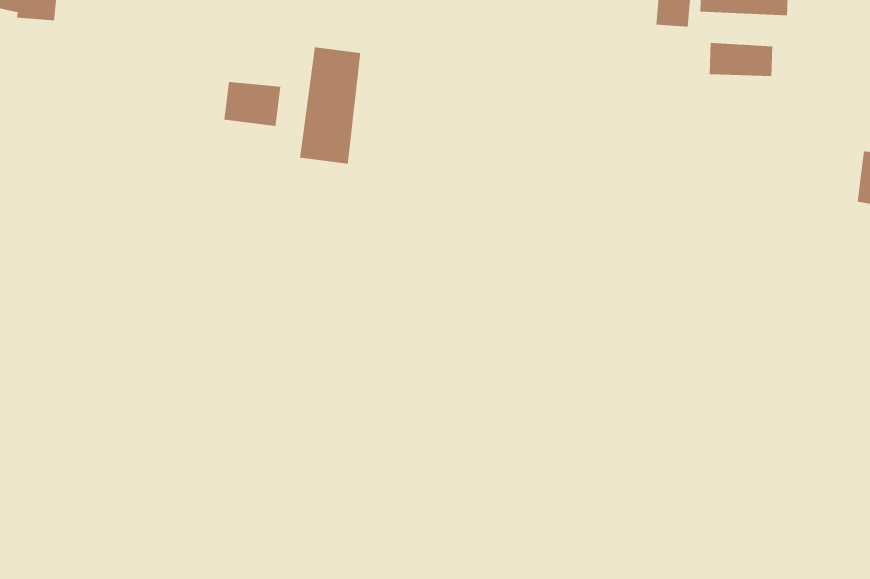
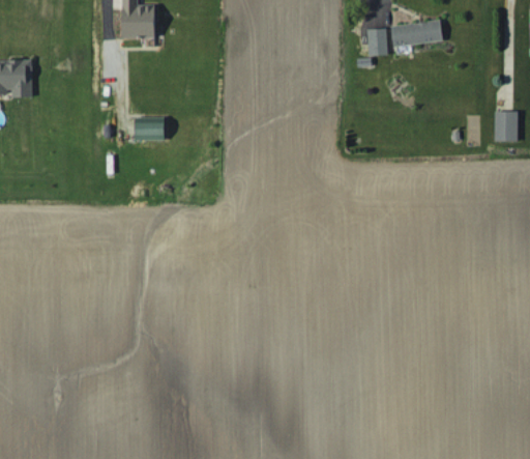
building: [709,42,773,77] -> none
building: [299,47,361,164] -> none

